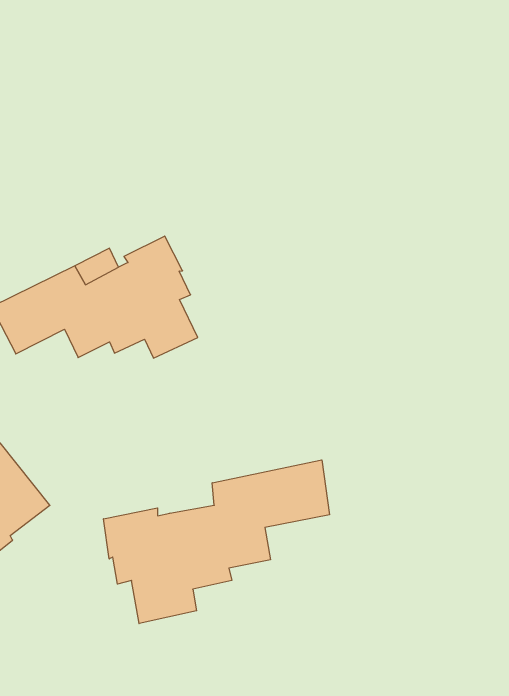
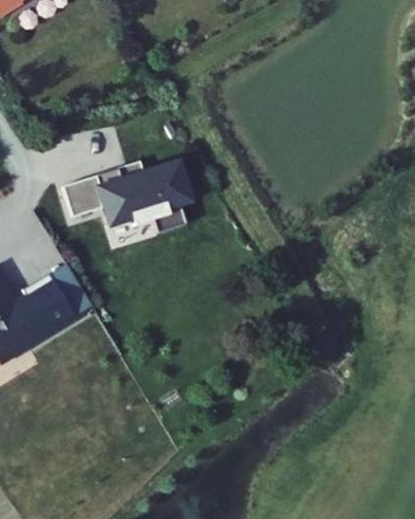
building: [104,460,329,624] -> none

